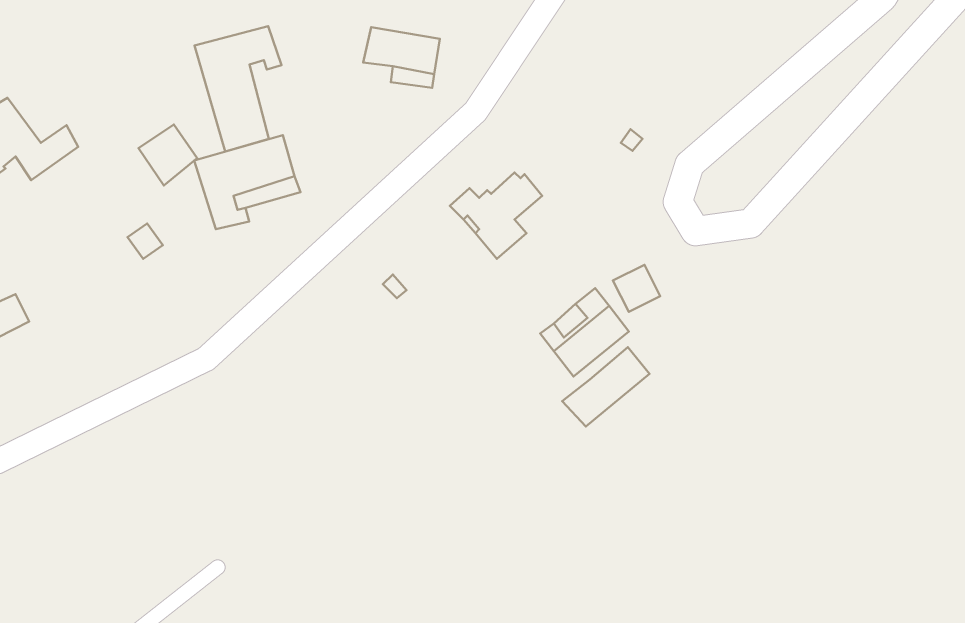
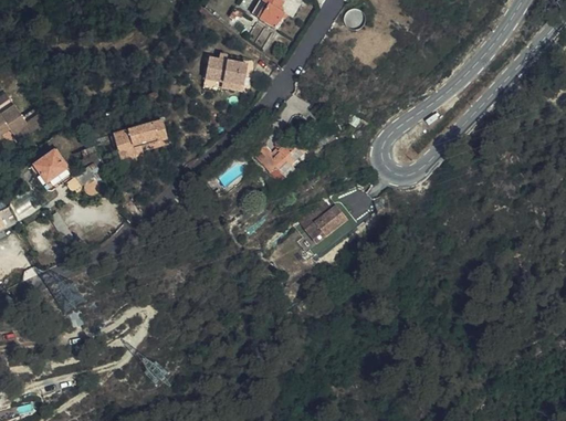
building: [194,26,281,152] -> none
building: [138,125,197,186] -> [34,150,67,185]
building: [562,347,650,427] -> none

